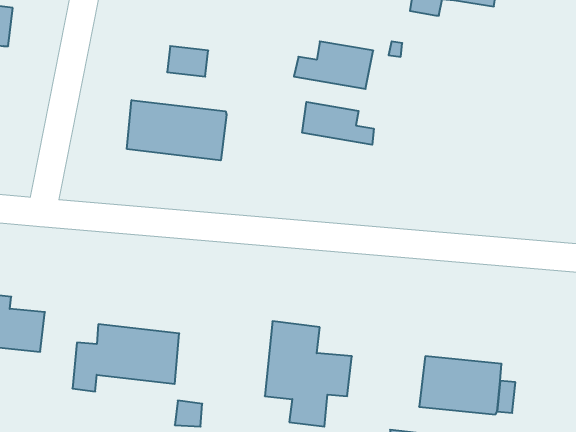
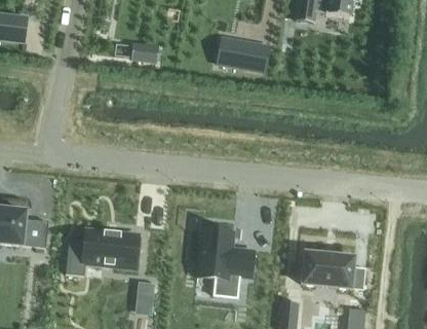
building: [127,100,226,160] -> none
building: [302,102,374,145] -> none

